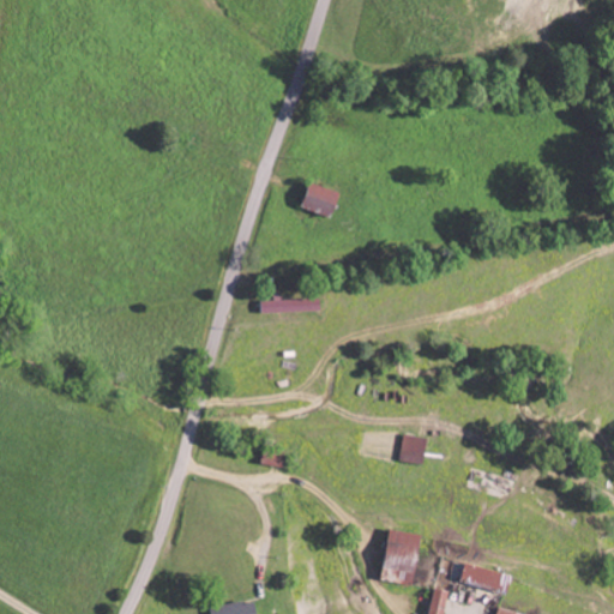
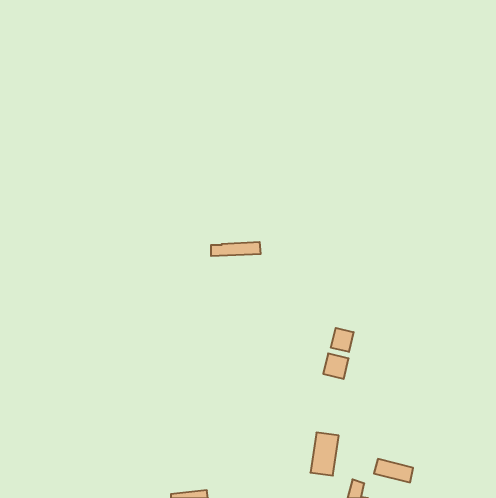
building: [302,183,341,218] -> none
building: none -> [331,328,354,352]

